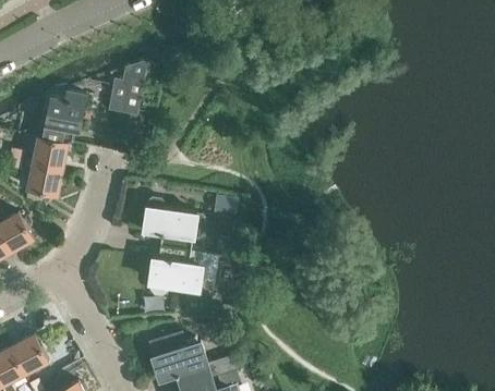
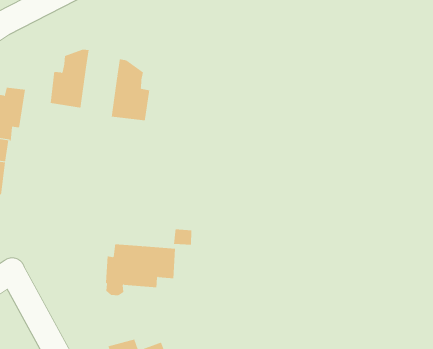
building: none -> [111,59,150,121]
building: [143,198,204,251] -> none

